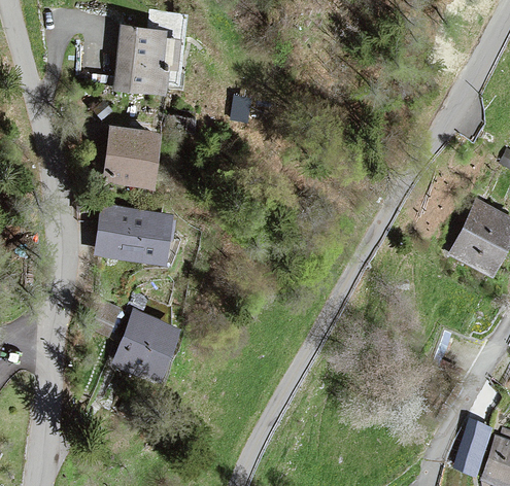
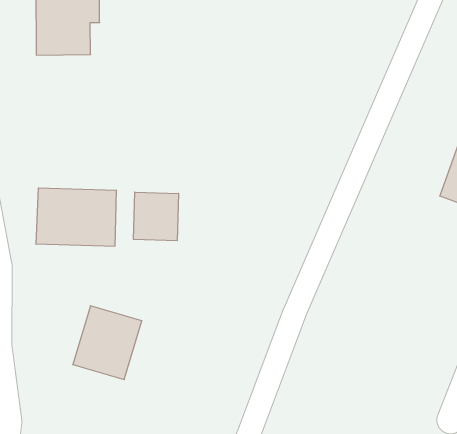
building: [105,127,160,187] -> none
building: none -> [134,192,179,241]

